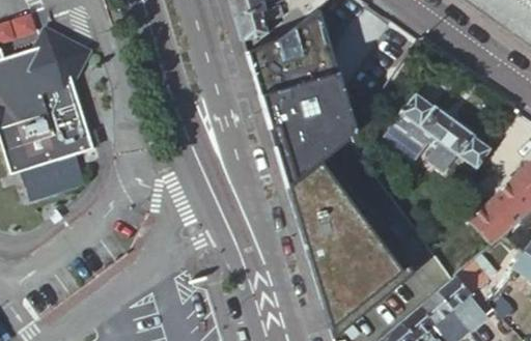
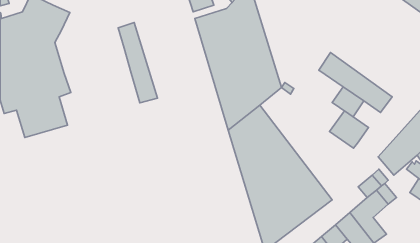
building: none -> [118,22,157,103]
building: [384,113,432,160] -> [329,111,368,148]

